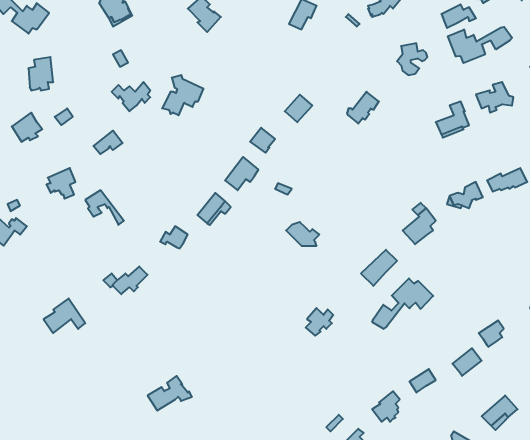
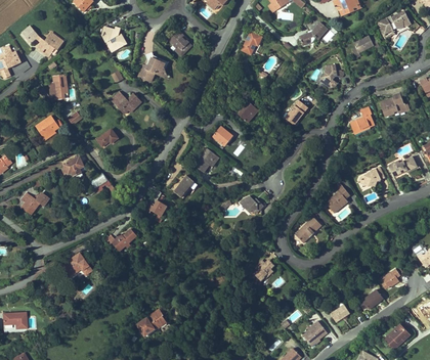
building: [448,27,512,63] -> none
building: [162,75,204,115] -> [138,52,169,82]
building: [372,278,433,329] -> none

